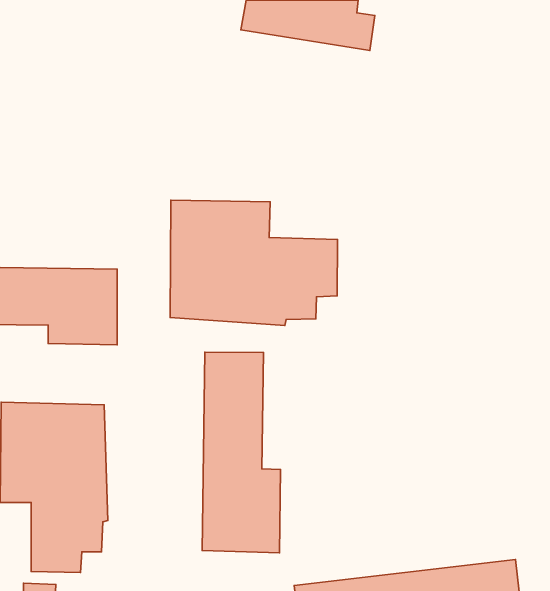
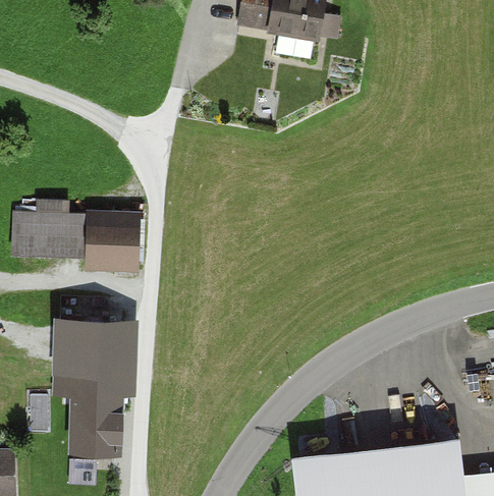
building: [170,200,338,325] -> none
building: [202,352,280,553] -> none

